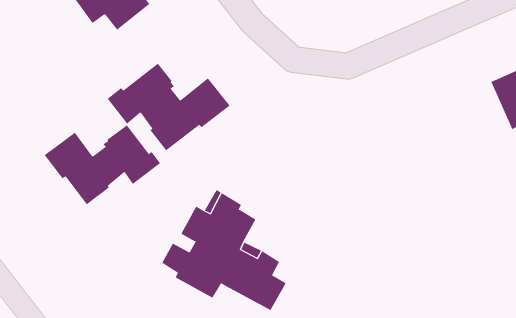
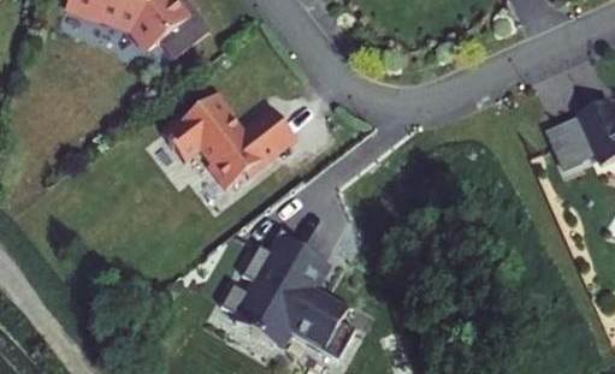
building: none -> [544,115,596,170]
building: [44,124,161,205] -> none

